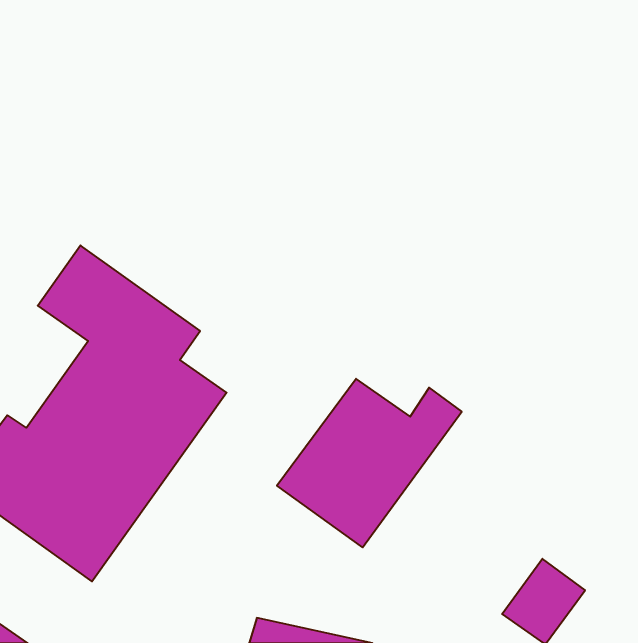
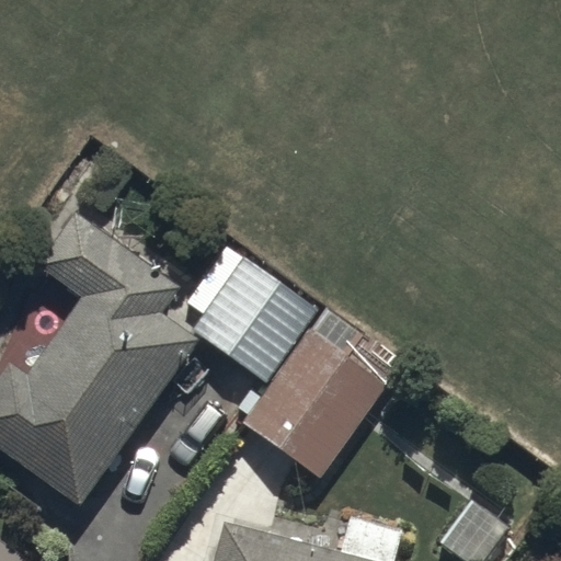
building: none -> [195,239,319,363]

